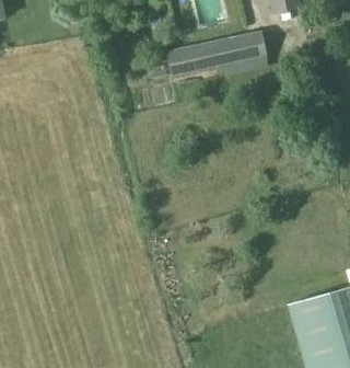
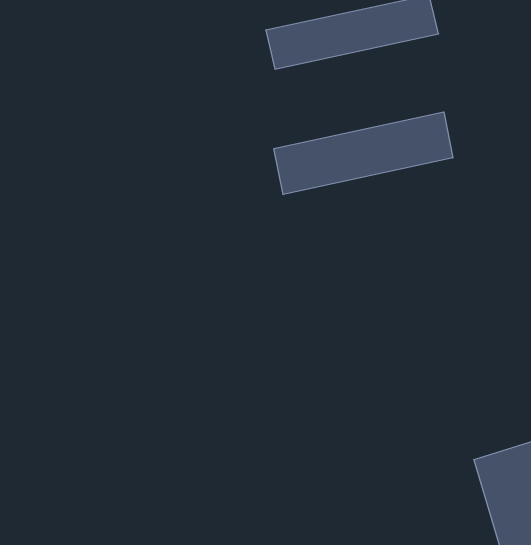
building: none -> [274,112,453,195]

